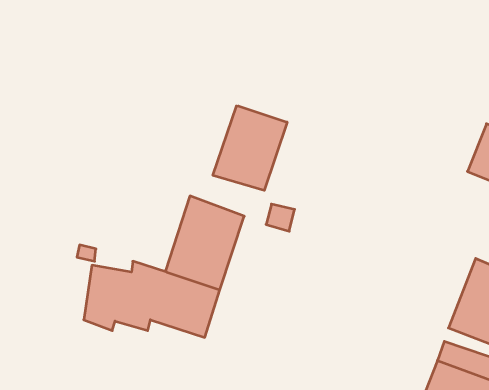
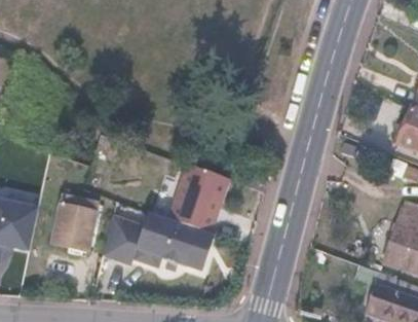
building: [213,106,287,190] -> none
building: none -> [54,205,94,249]

